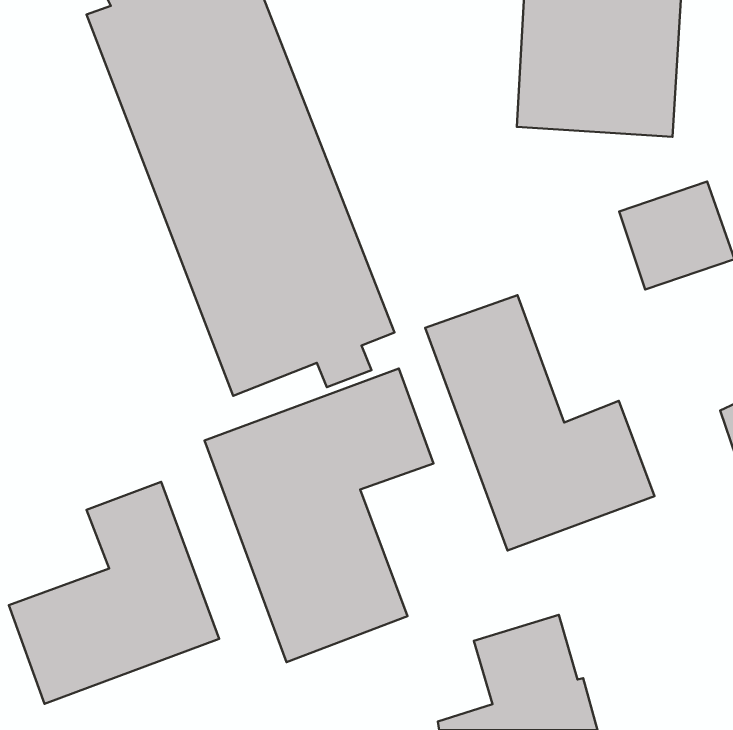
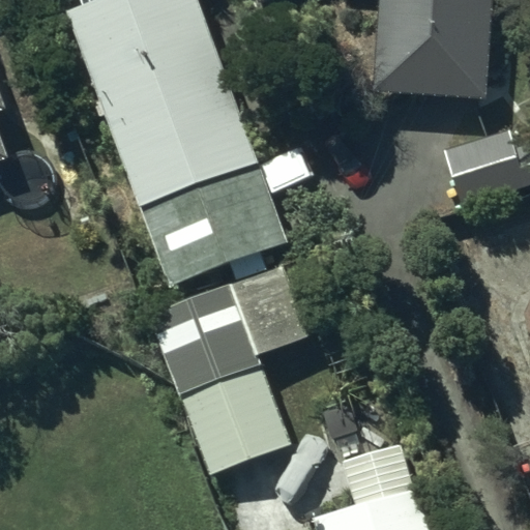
building: [425,295,655,550] -> none
building: [9,482,219,704] -> none

